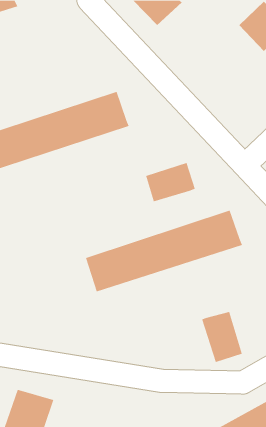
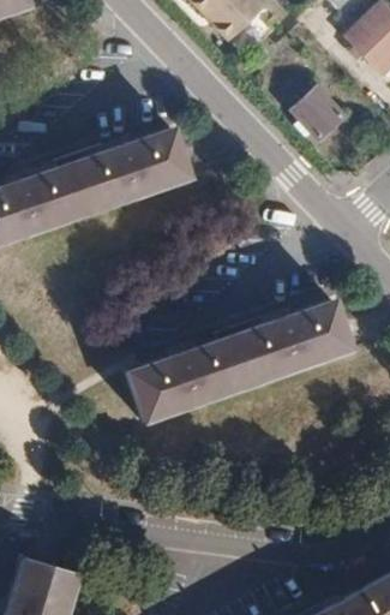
building: none -> [294,91,343,141]
building: [146,162,195,202] -> none
building: [201,311,243,363] -> none

